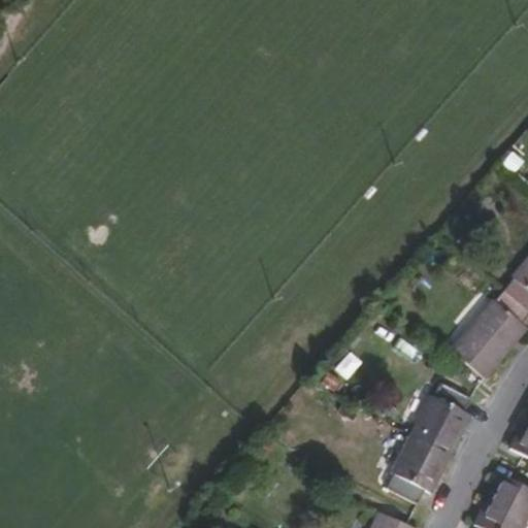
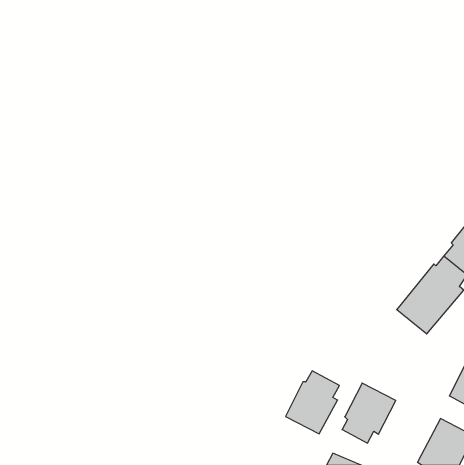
building: [411,383,472,454] -> [286,371,339,434]

